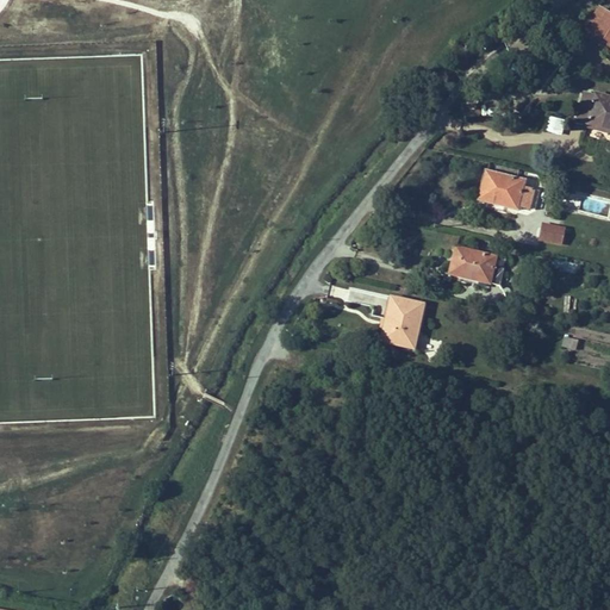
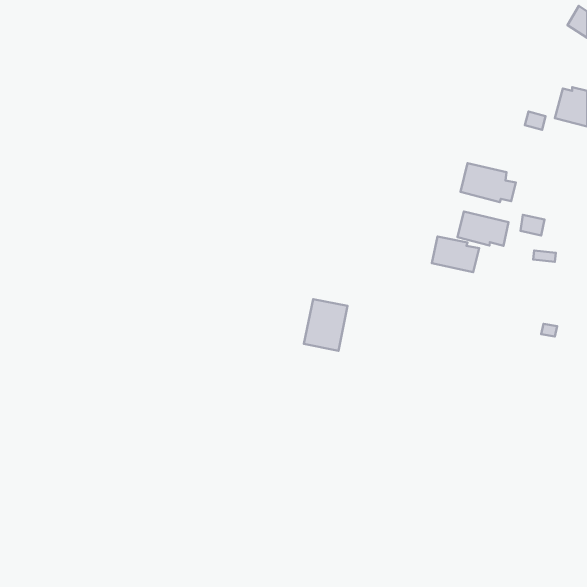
building: none -> [458,212,509,246]
building: [380,295,425,349] -> [304,299,348,351]

